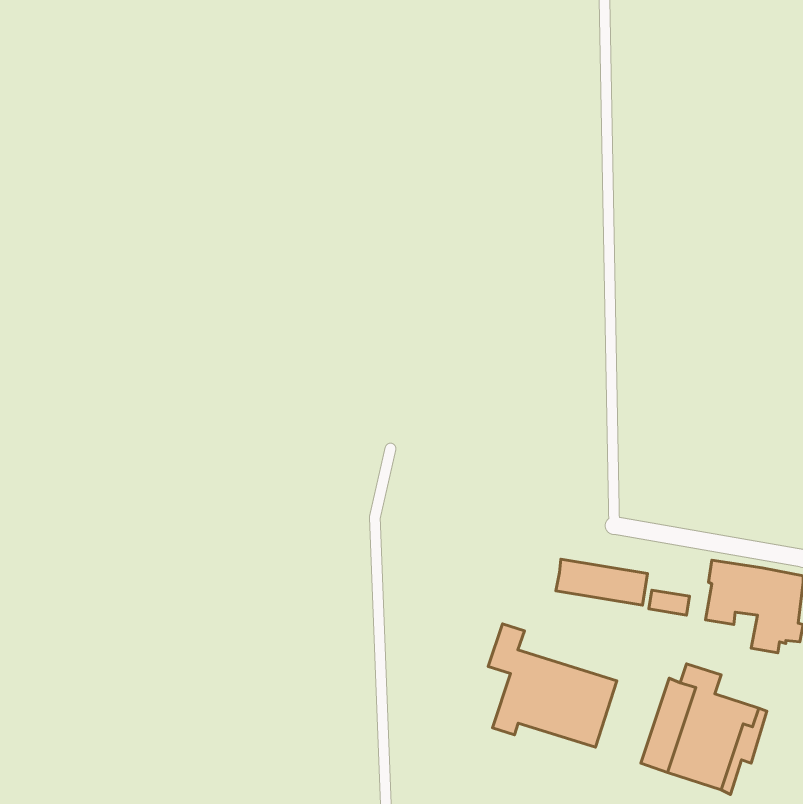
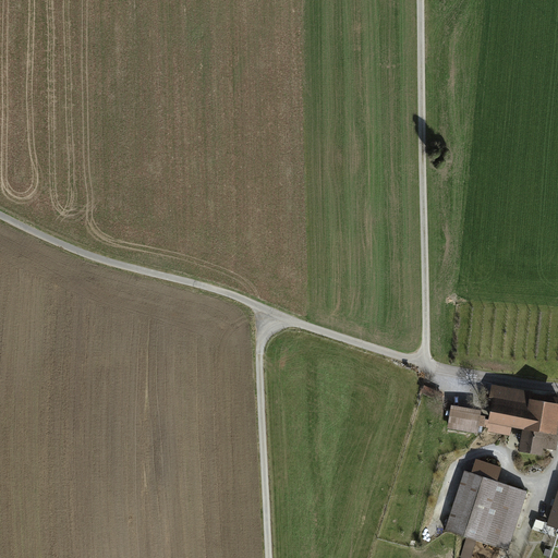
building: [556,559,647,605] -> none
building: [488,624,617,747] -> none

